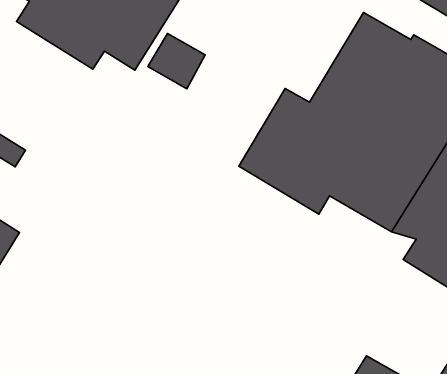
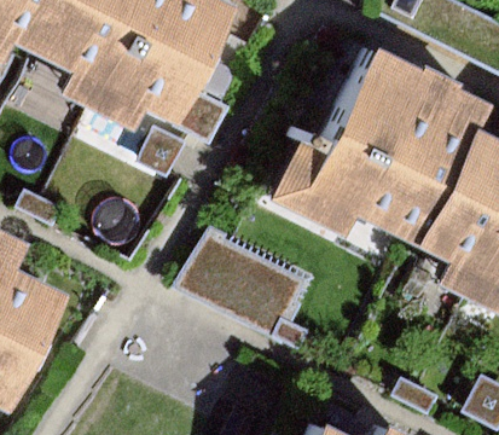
building: none -> [182,231,304,331]

